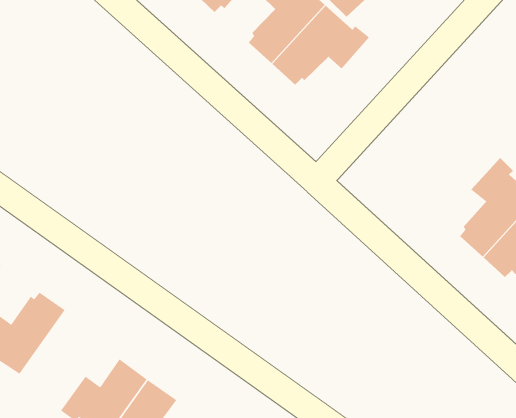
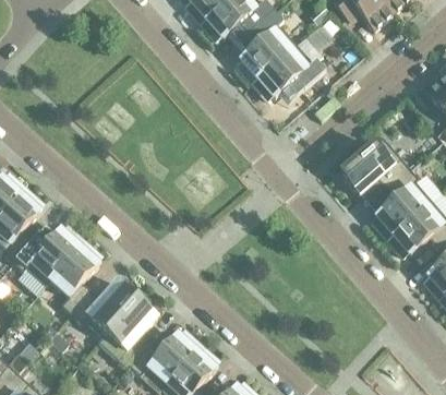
building: none -> [339,134,408,193]
building: none -> [44,241,98,313]

